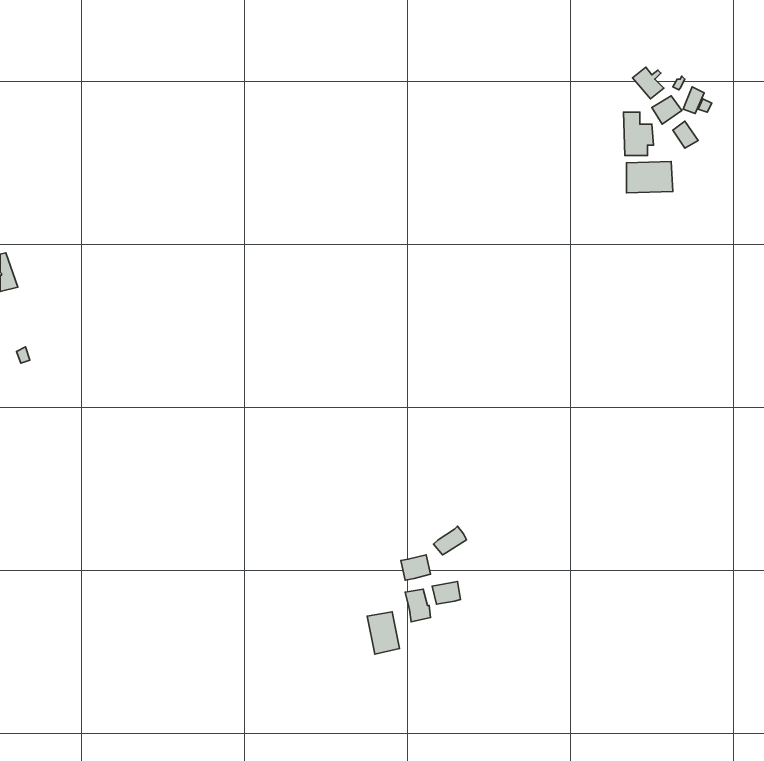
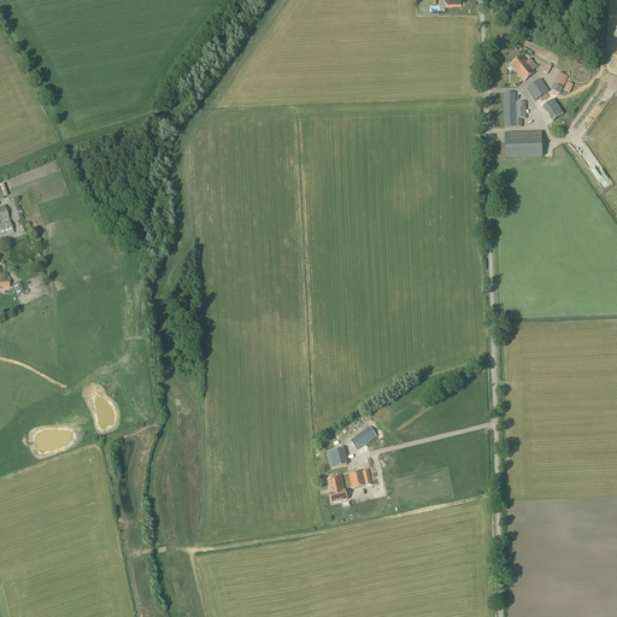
building: [367,612,400,654] -> none

